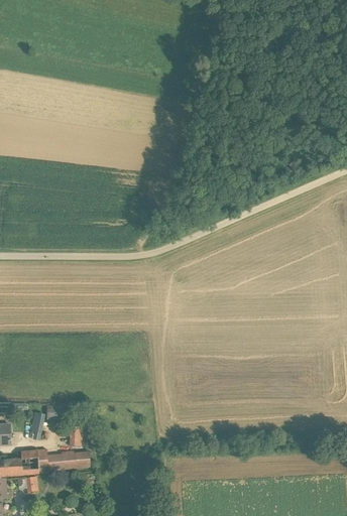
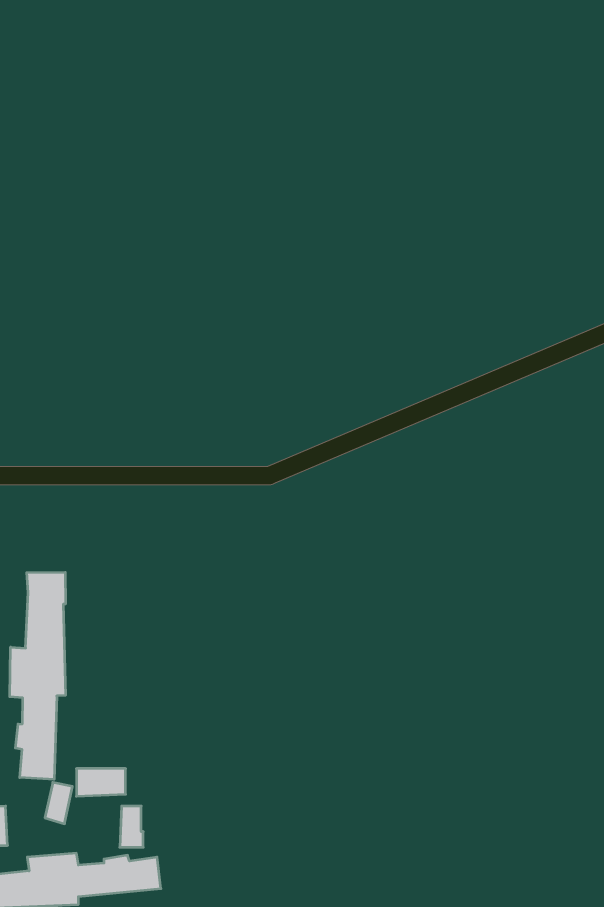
building: none -> [10,572,65,779]

